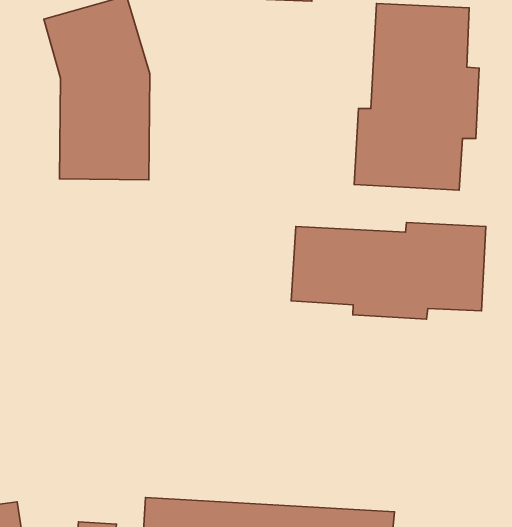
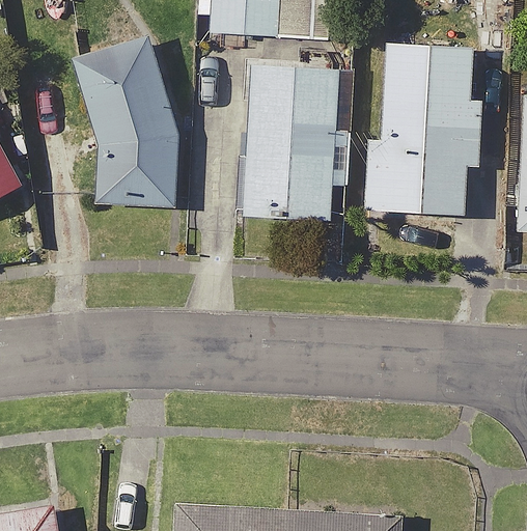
building: none -> [245,61,350,220]
building: [291,222,486,319] -> none

